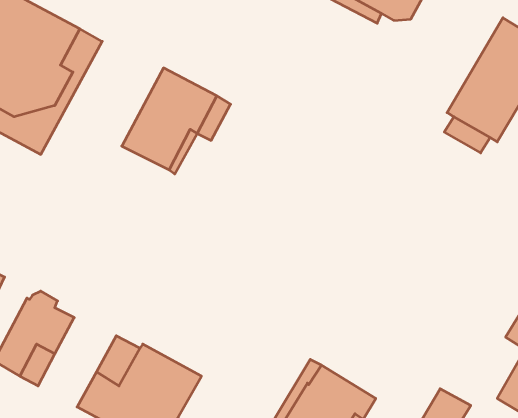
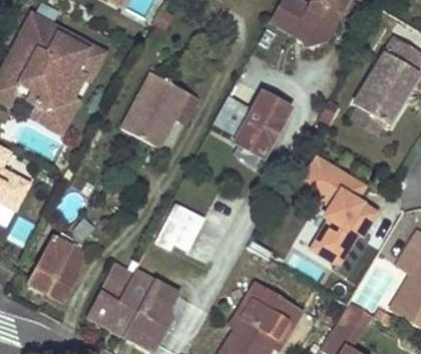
building: none -> [212,91,289,156]
building: none -> [300,157,372,265]
building: none -> [155,214,198,250]

